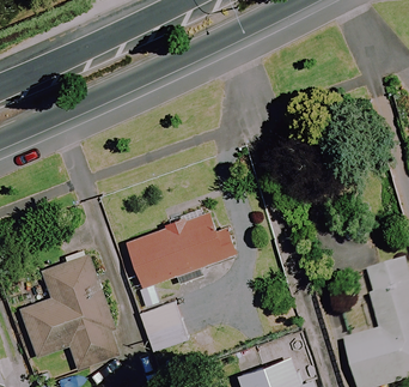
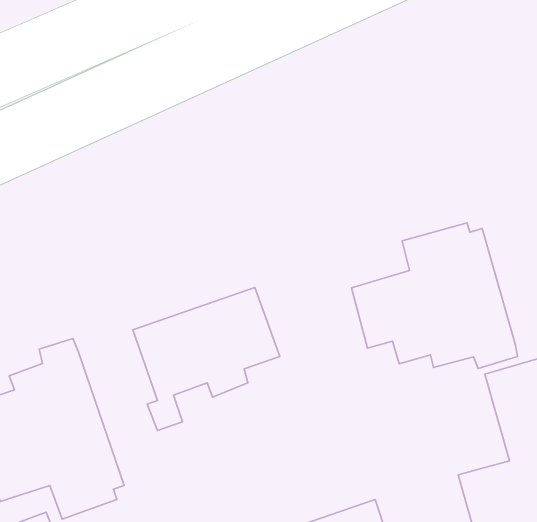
building: none -> [352,223,517,368]
building: [139,302,187,351] -> none

